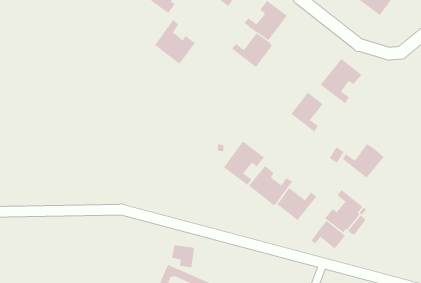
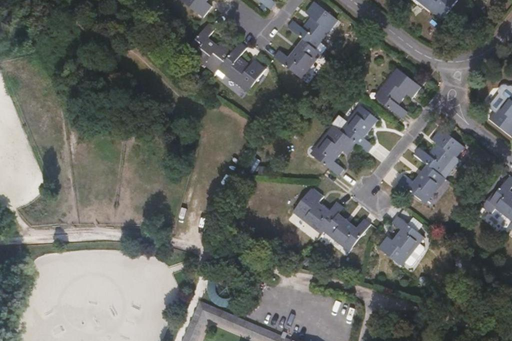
building: none -> [218,42,265,92]
building: none -> [413,127,463,175]
building: [223,141,265,186] -> [310,124,357,175]
building: [310,220,346,249] -> none

